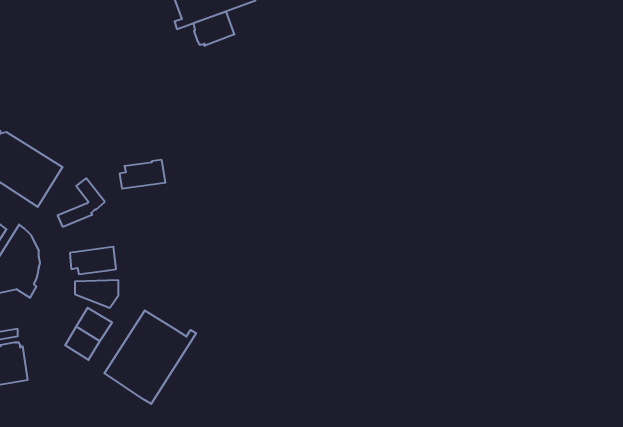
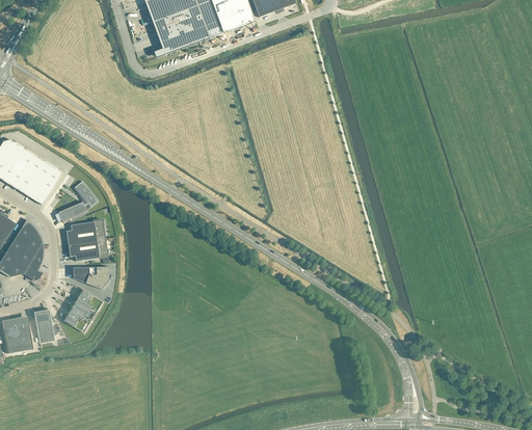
building: [193,11,234,46] -> none
building: [120,160,166,189] -> [65,218,104,242]
building: [104,310,196,404] -> none
building: none -> [33,308,54,342]

